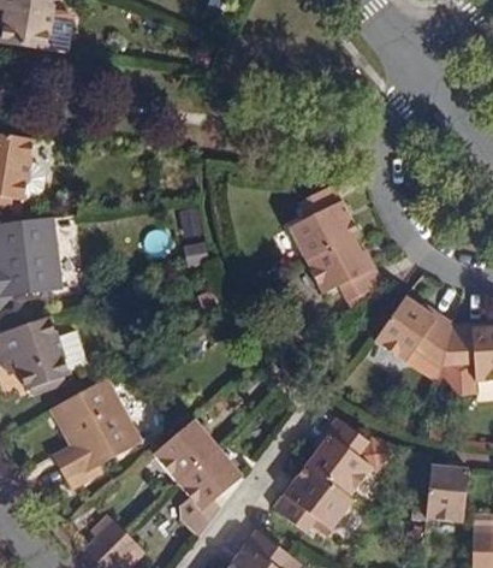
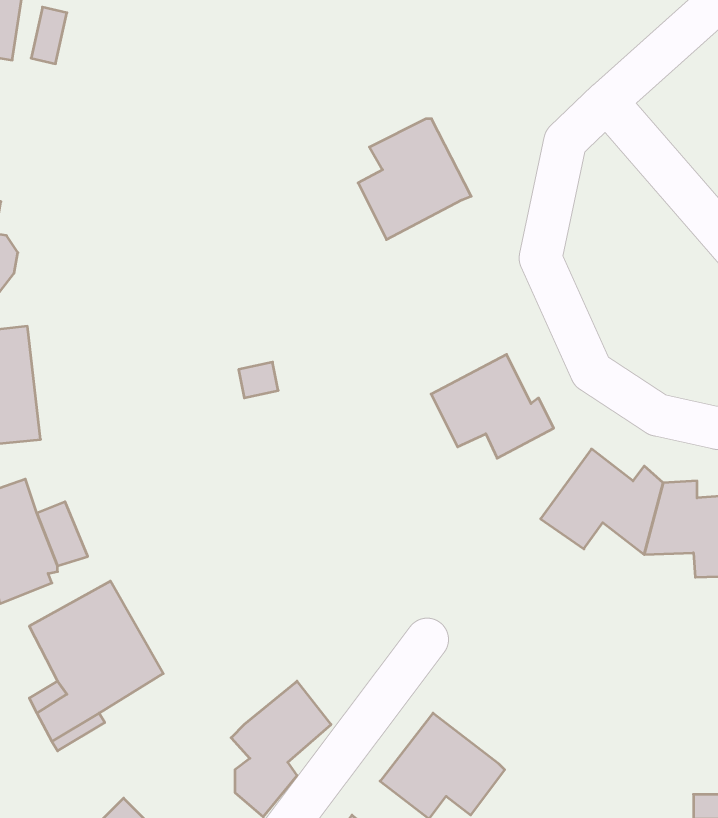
building: [287,185,360,262] -> [358,119,471,240]
building: [154,419,220,481] -> none
building: [307,419,374,498] -> none
building: [424,466,470,520] -> none

